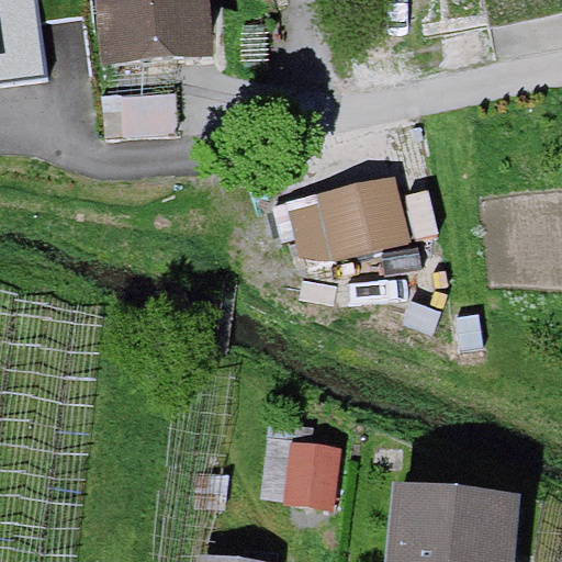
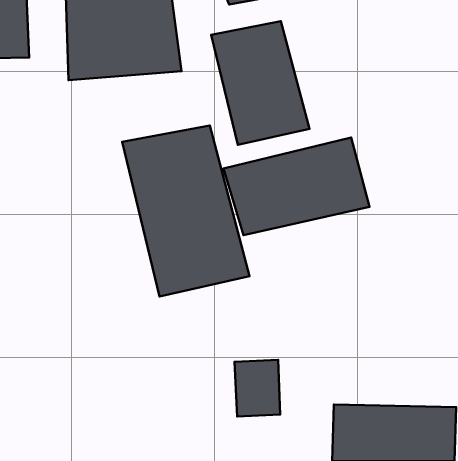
building: none -> [211,21,309,145]
building: none -> [122,125,249,296]

